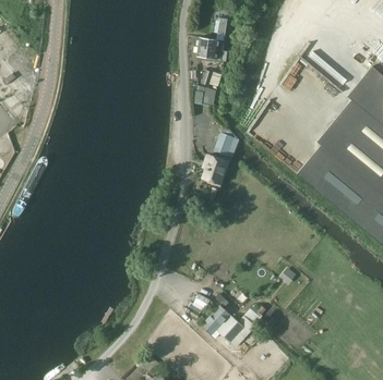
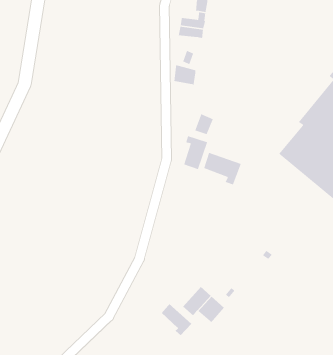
building: none -> [203,152,242,185]
building: none -> [161,303,192,336]

